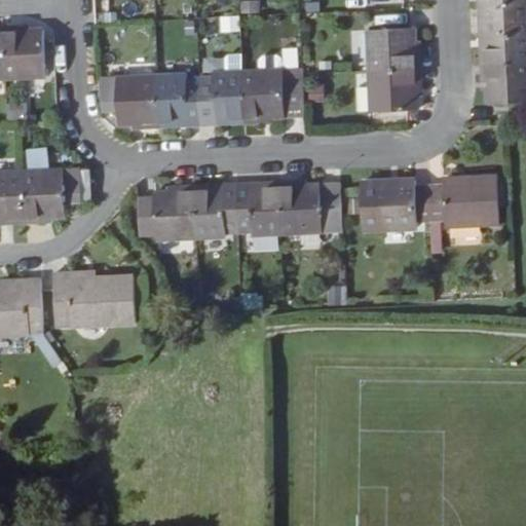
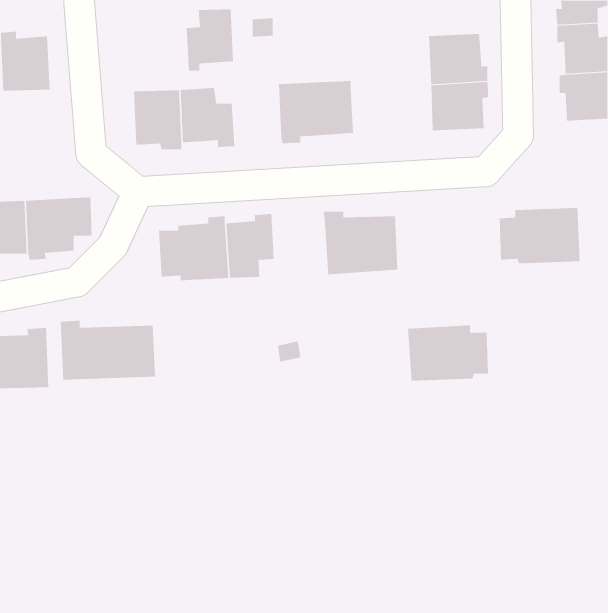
building: [199,72,240,125] -> [186,9,234,71]
building: [359,181,428,229] -> [407,325,489,381]
building: [233,183,280,236] -> none

